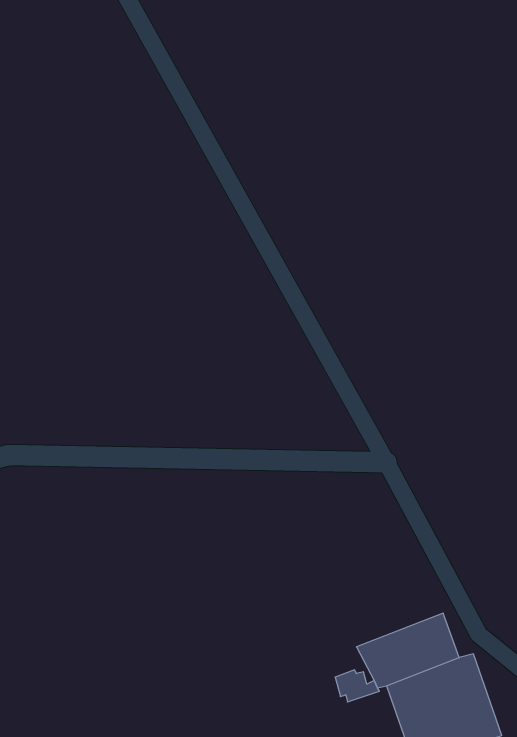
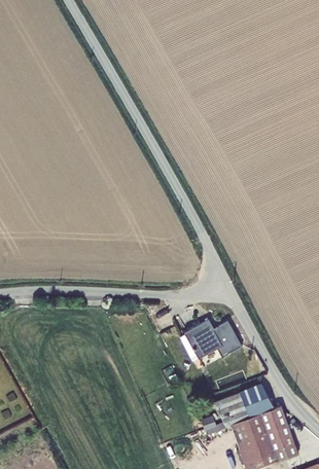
building: none -> [180,321,240,360]

